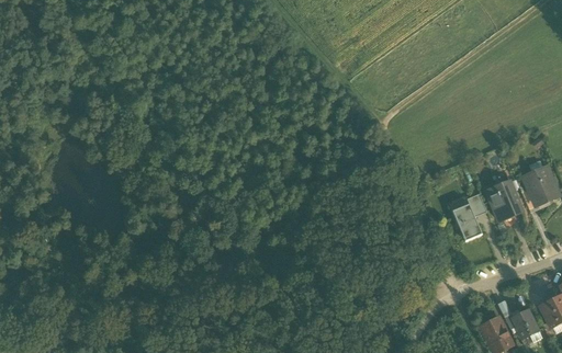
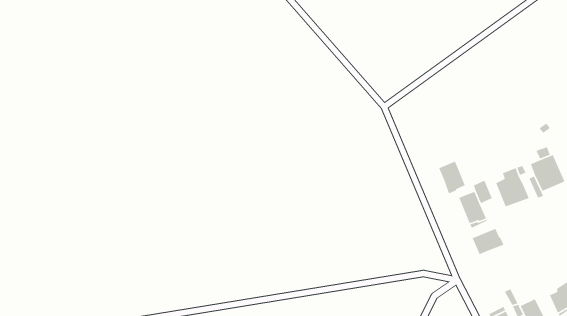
building: none -> [438,160,466,195]
building: none -> [472,228,505,255]

